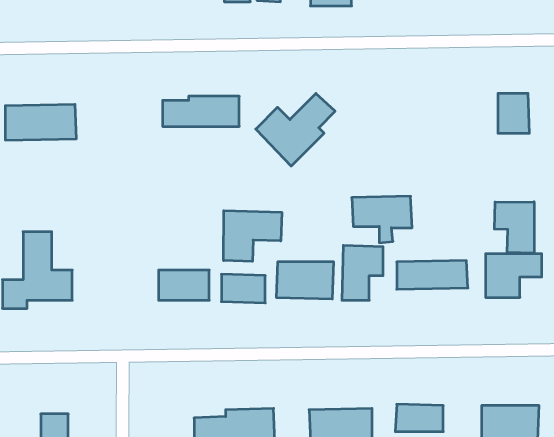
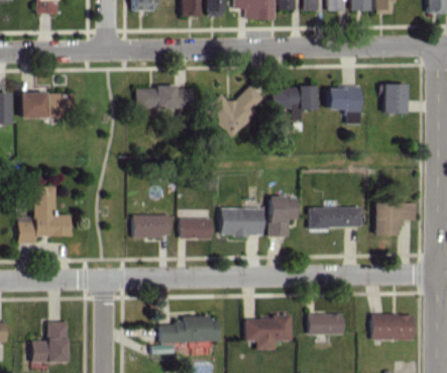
building: none -> [328,86,361,124]
building: [352,196,412,243] -> [272,86,317,120]
building: [494,202,534,253] -> none
building: [224,211,282,261] -> none

